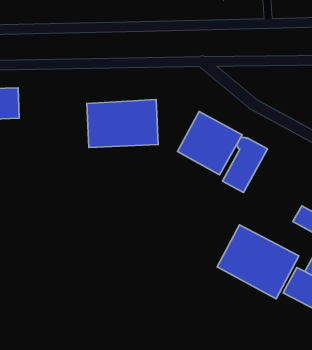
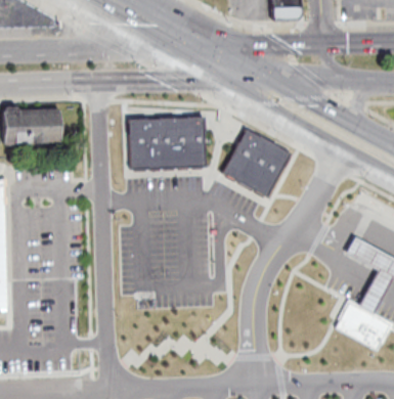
building: [223,137,267,192] -> none
building: [217,225,299,299] -> none

